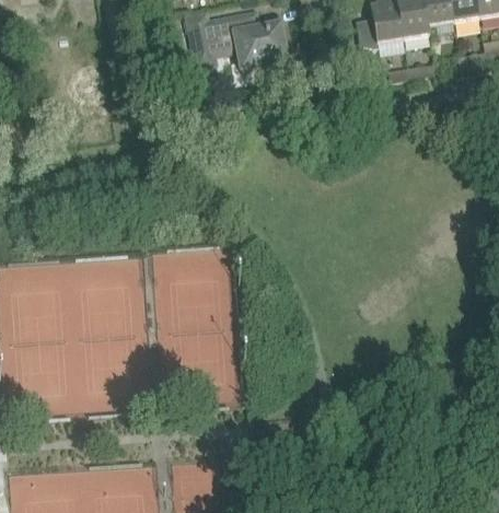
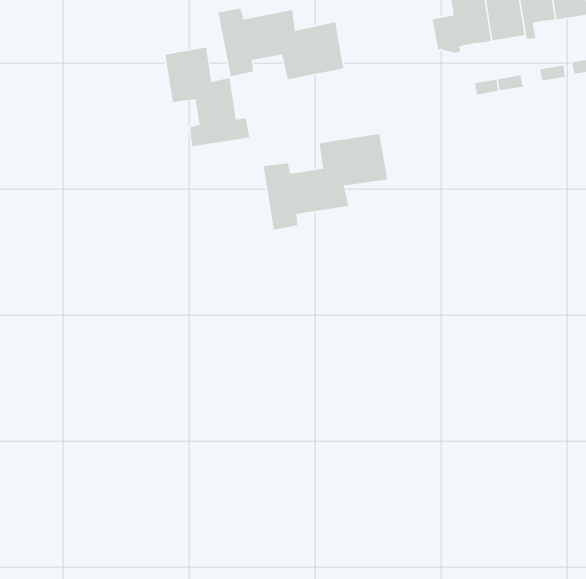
building: none -> [165,47,250,147]
building: none -> [263,133,388,230]

